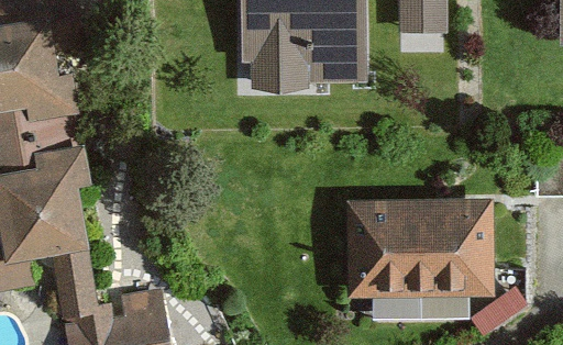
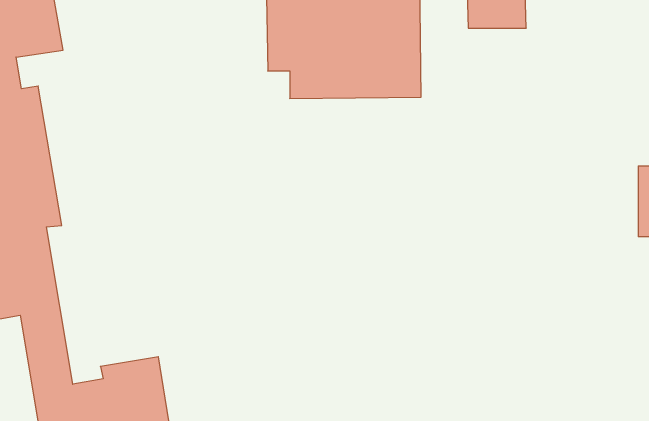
building: [349,201,494,297] -> none

